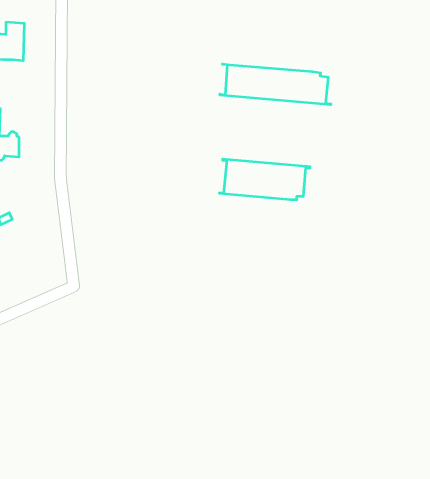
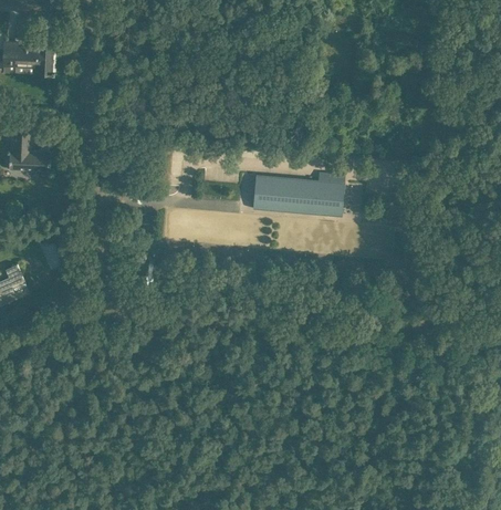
building: [220,64,331,105] -> none

